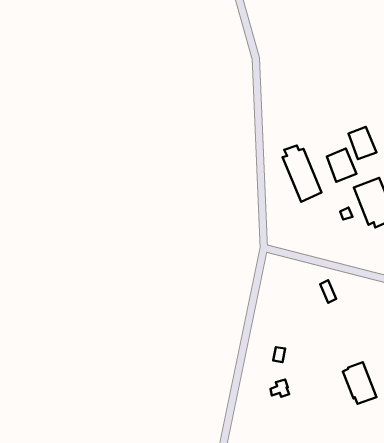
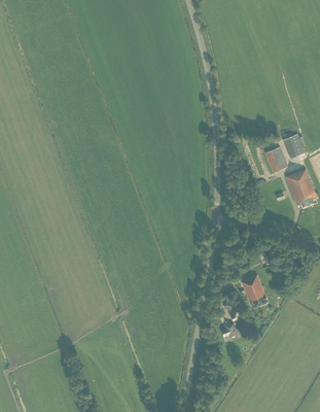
building: [282,146,322,202] -> none
building: [343,362,376,404] -> [241,275,266,307]

